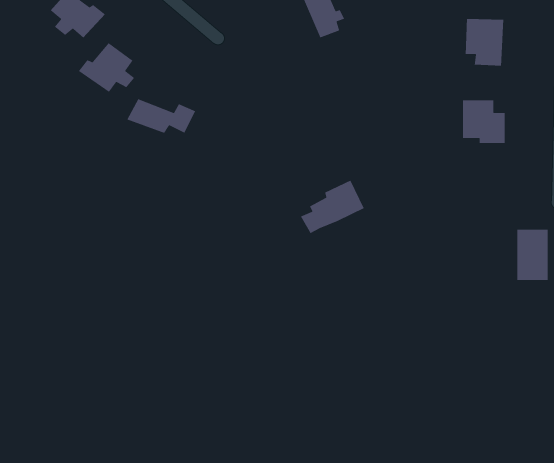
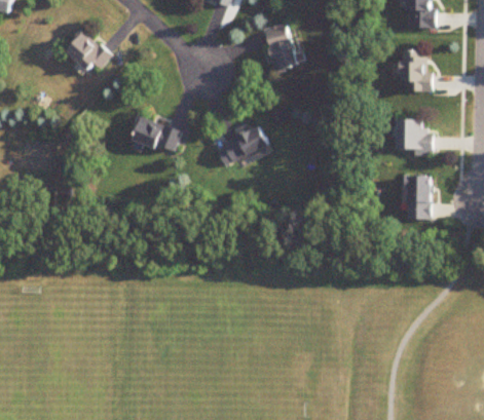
building: [78,42,135,93] -> none
building: [300,179,365,234] -> [211,122,263,166]
building: [517,229,548,281] -> [405,178,431,220]

